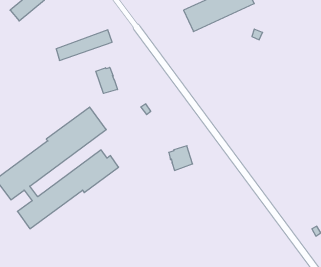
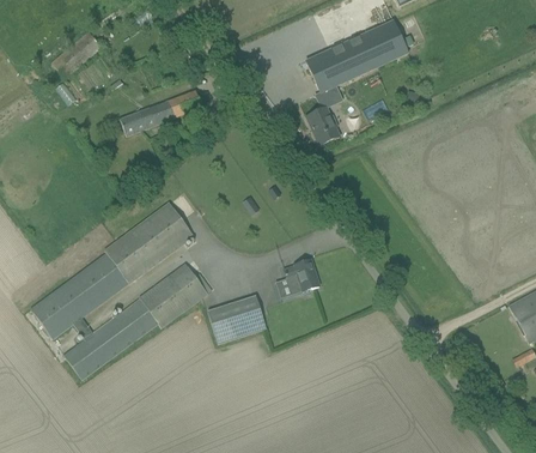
building: none -> [304,105,340,146]
building: [96,67,117,93] -> none
building: none -> [207,296,266,343]

